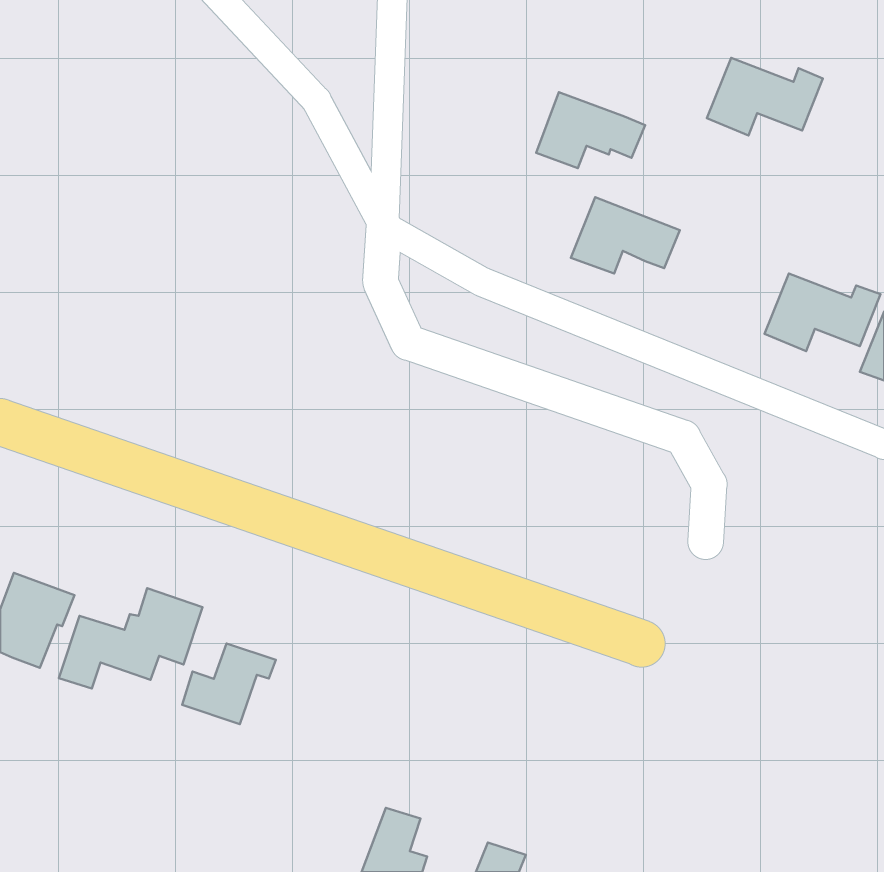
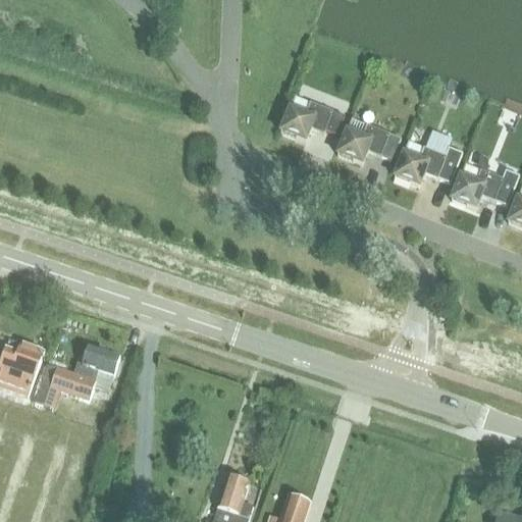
building: [707,58,823,136] -> [394,139,462,185]
building: [536,92,645,168] -> [280,94,345,139]
building: [182,643,276,724] -> none

